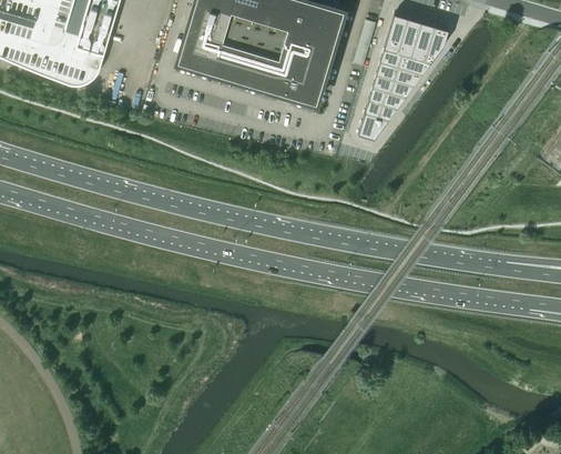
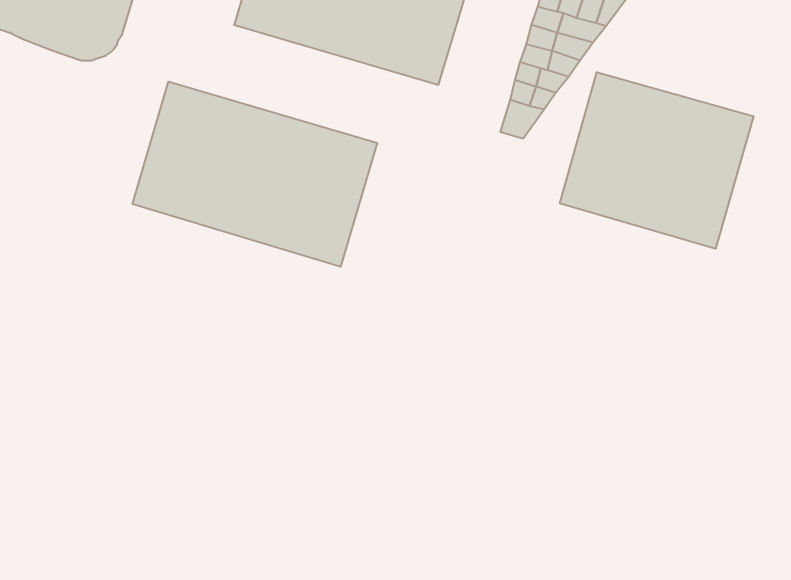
building: none -> [560,72,753,249]
building: none -> [133,82,377,267]

